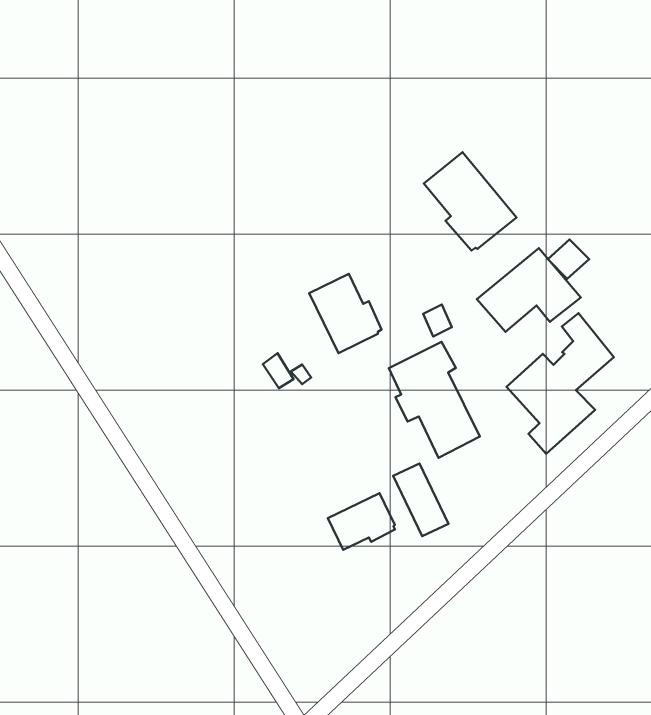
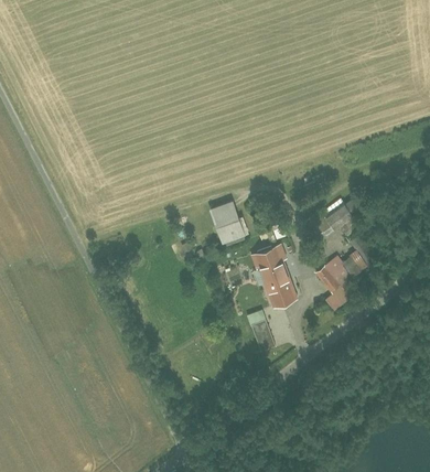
building: [424,152,516,250] -> none
building: [328,493,395,550] -> none

